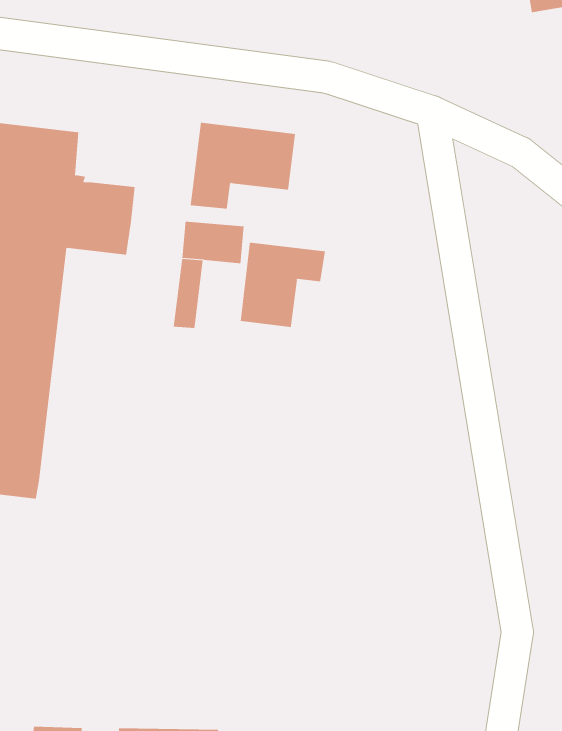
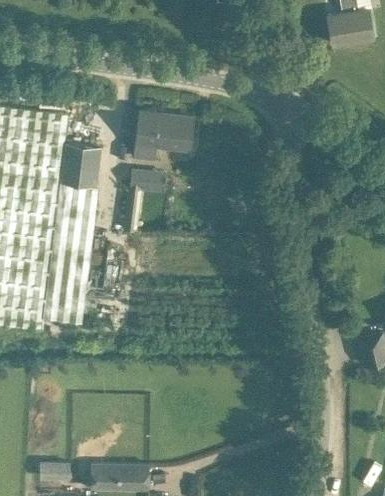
building: [240,242,325,328] -> none
building: none -> [45,184,96,324]

